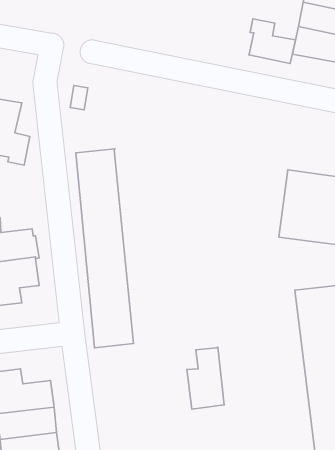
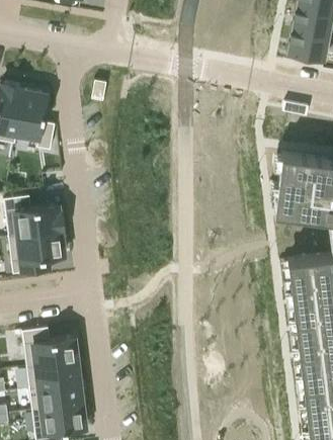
building: [249,19,296,63] -> none
building: [76,149,133,348] -> none
building: [187,347,224,409] -> none

